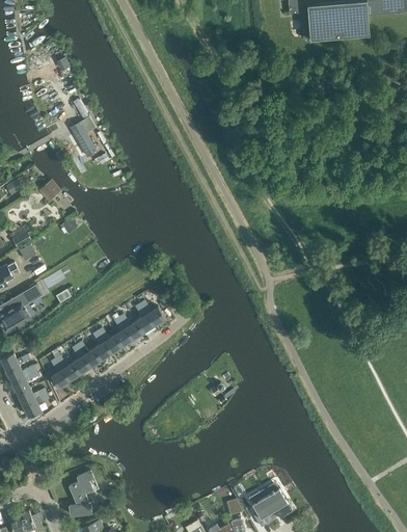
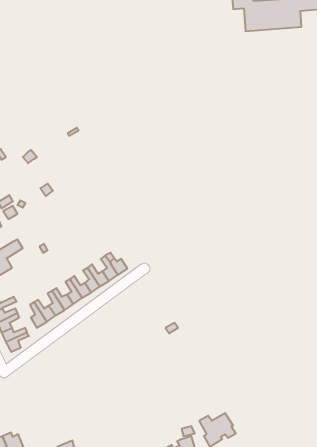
building: [72,100,98,157] -> none
building: [70,473,93,516] -> none

